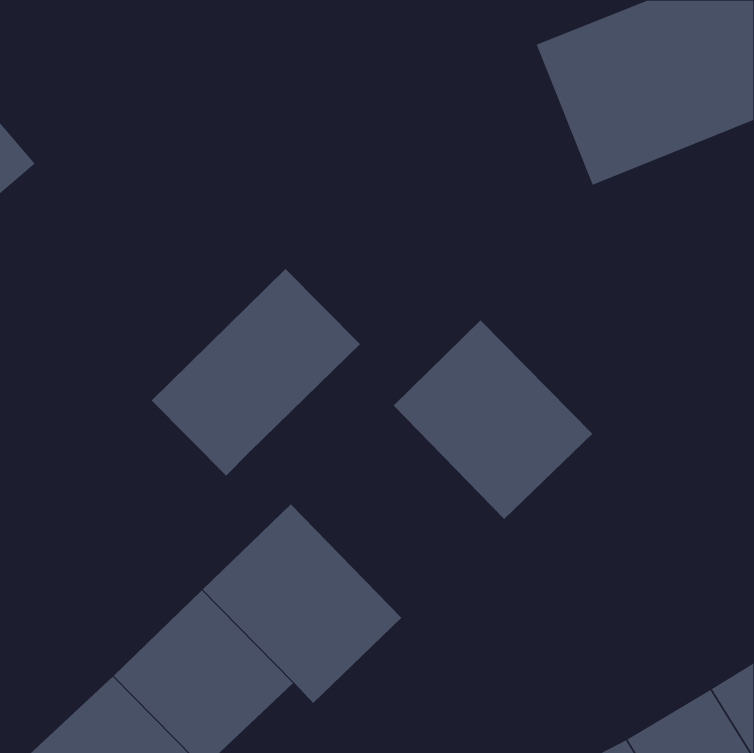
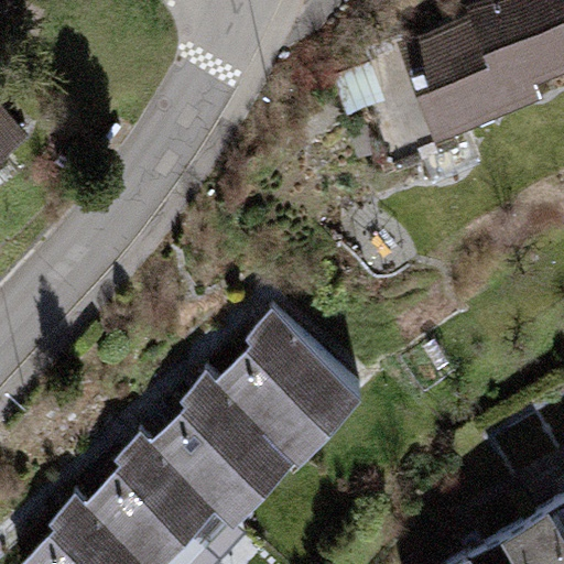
building: [151,268,361,476] -> none
building: [393,319,593,520] -> [216,314,365,463]

